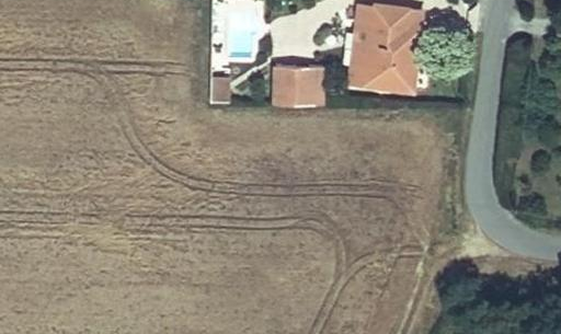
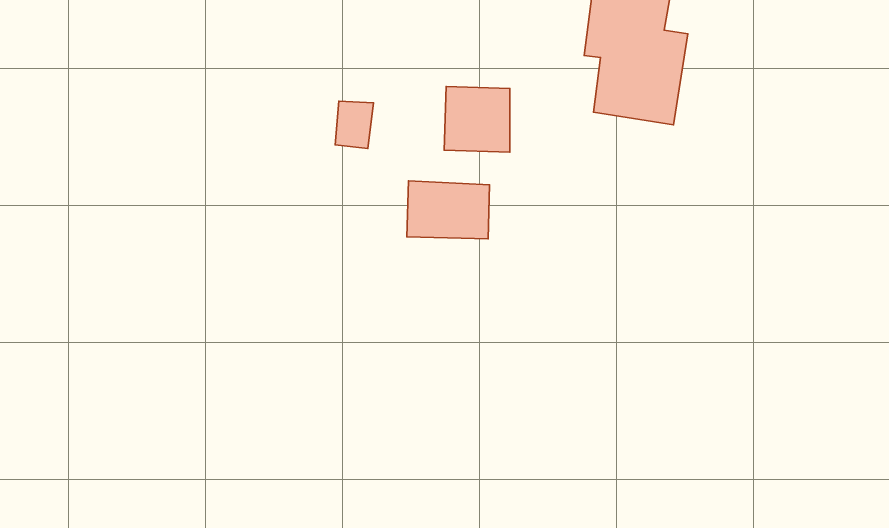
building: none -> [407,181,490,239]

